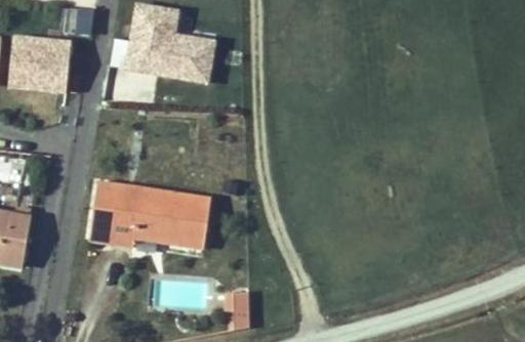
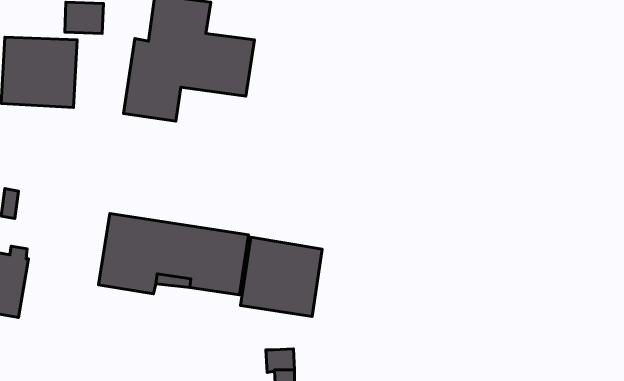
building: none -> [241,237,322,317]

